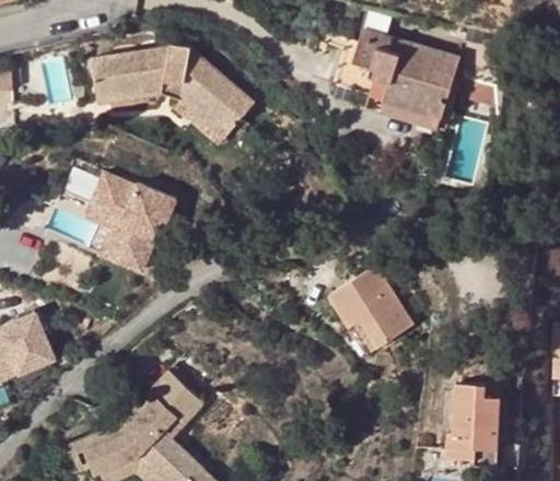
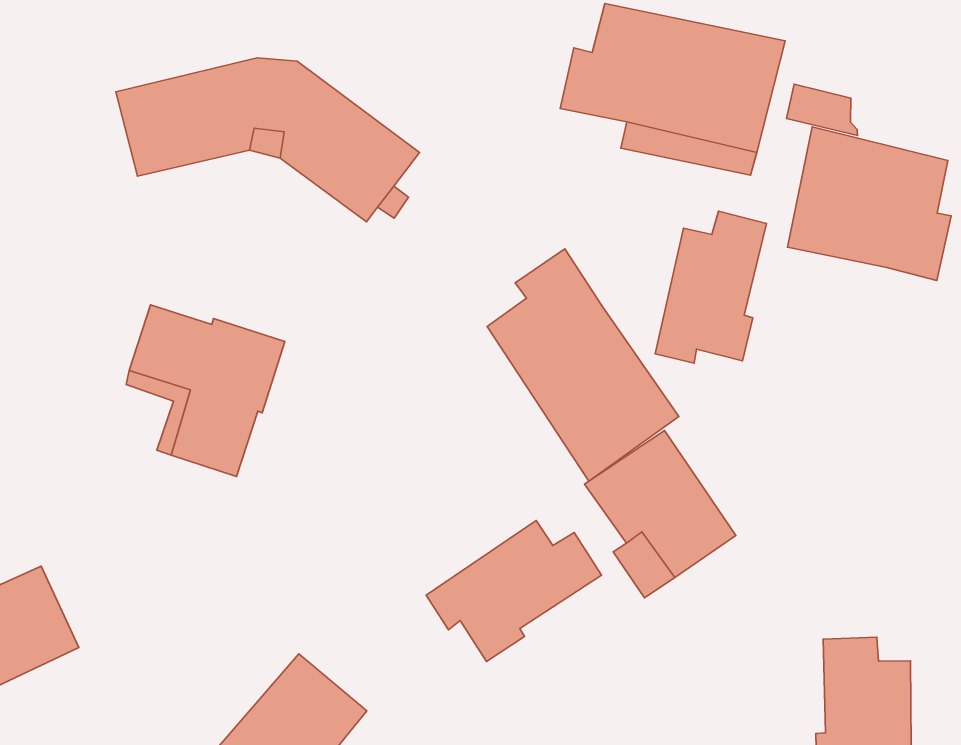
building: none -> [788,127,951,281]
building: none -> [655,211,766,363]
building: none -> [487,249,679,481]
building: none -> [426,521,601,662]

